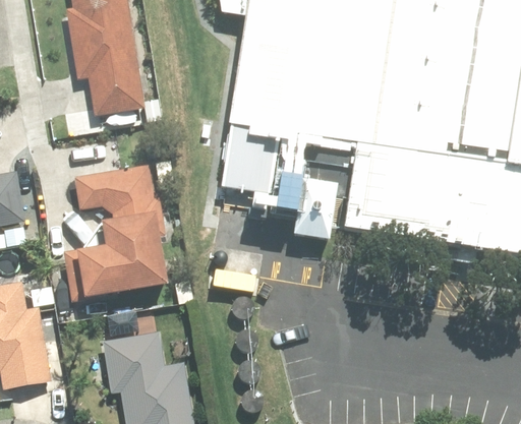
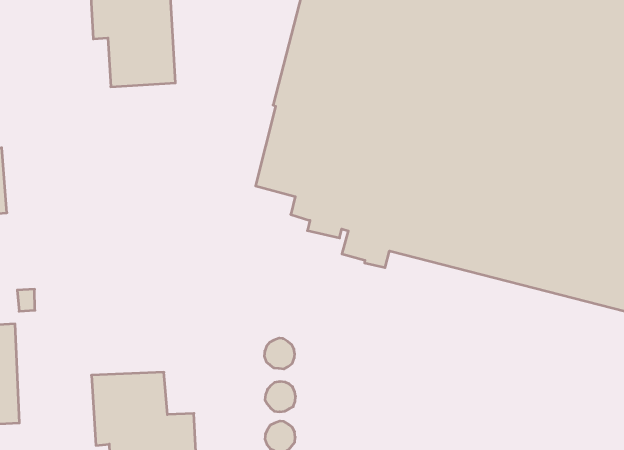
building: [63,164,166,299] -> none

